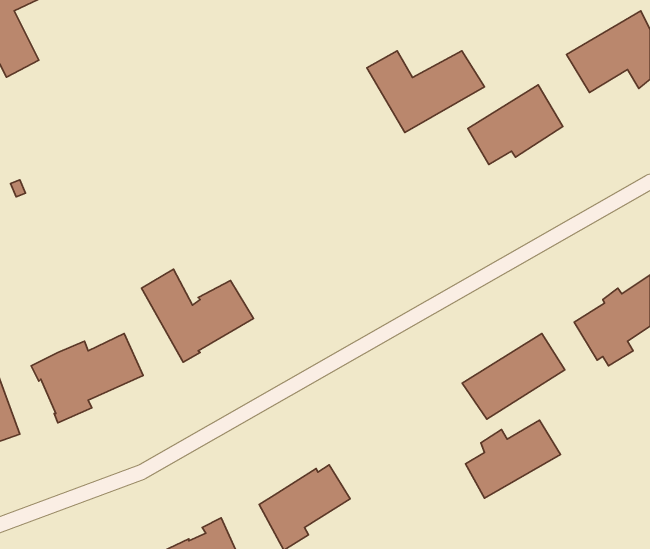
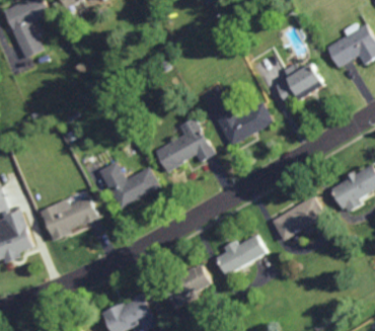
building: [367,51,485,133] -> [209,102,272,146]
building: none -> [152,117,214,173]
building: [465,420,560,498] -> [215,235,266,276]

